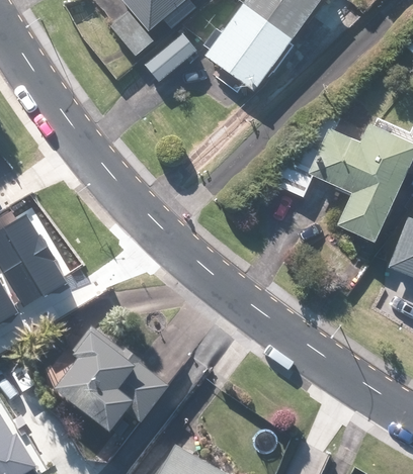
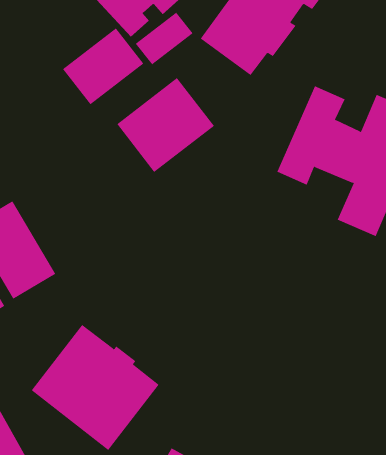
building: none -> [62,27,144,105]
building: none -> [116,77,215,173]

